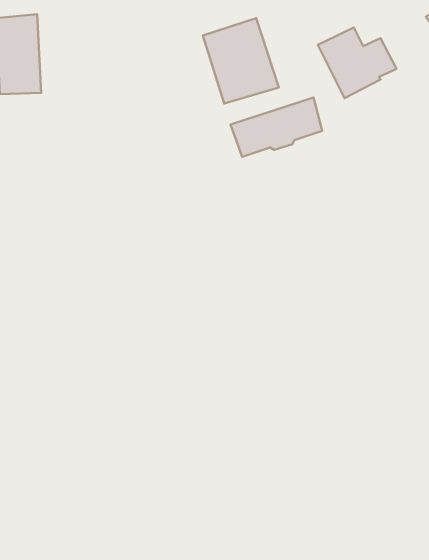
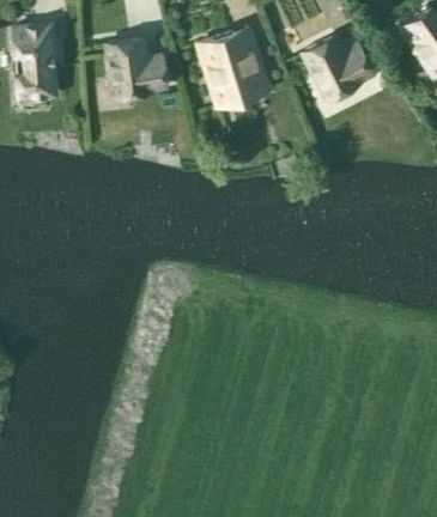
building: none -> [109,38,169,96]
building: [231,97,322,157] -> none

